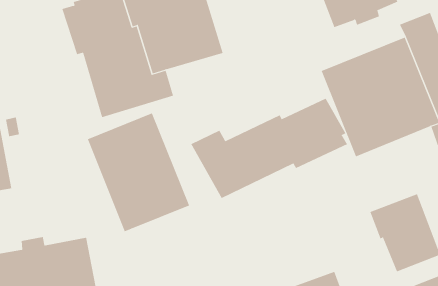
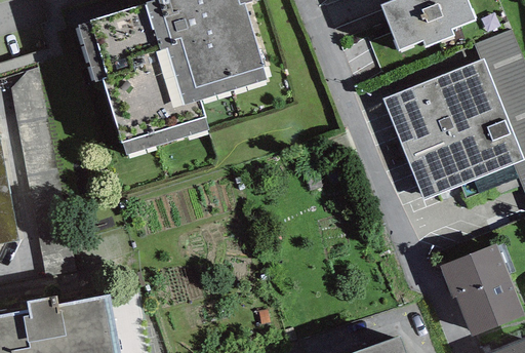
building: [190,98,348,199] -> none
building: [87,112,190,232] -> none

